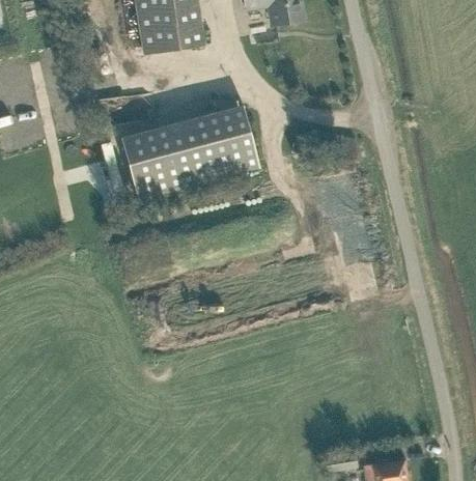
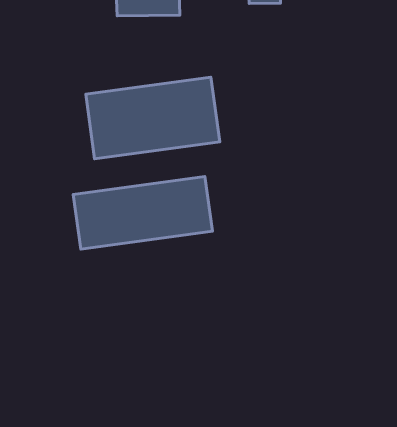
building: none -> [73,176,213,249]

